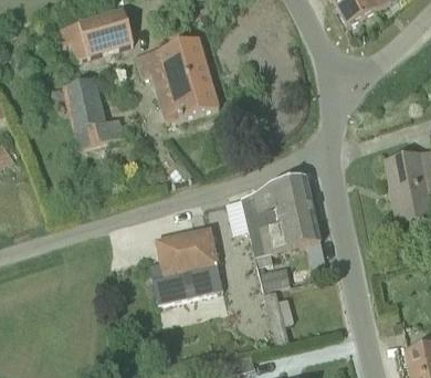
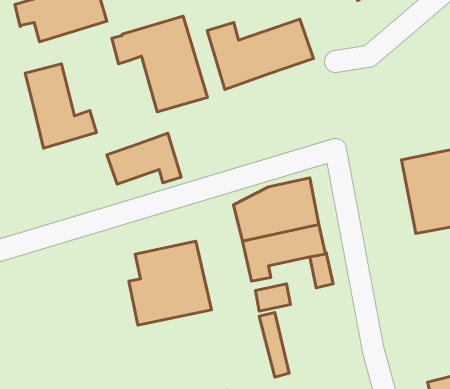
building: none -> [207,19,313,89]
building: none -> [107,133,181,184]

